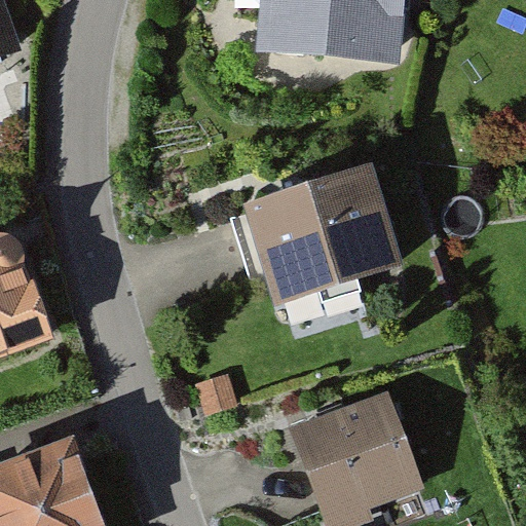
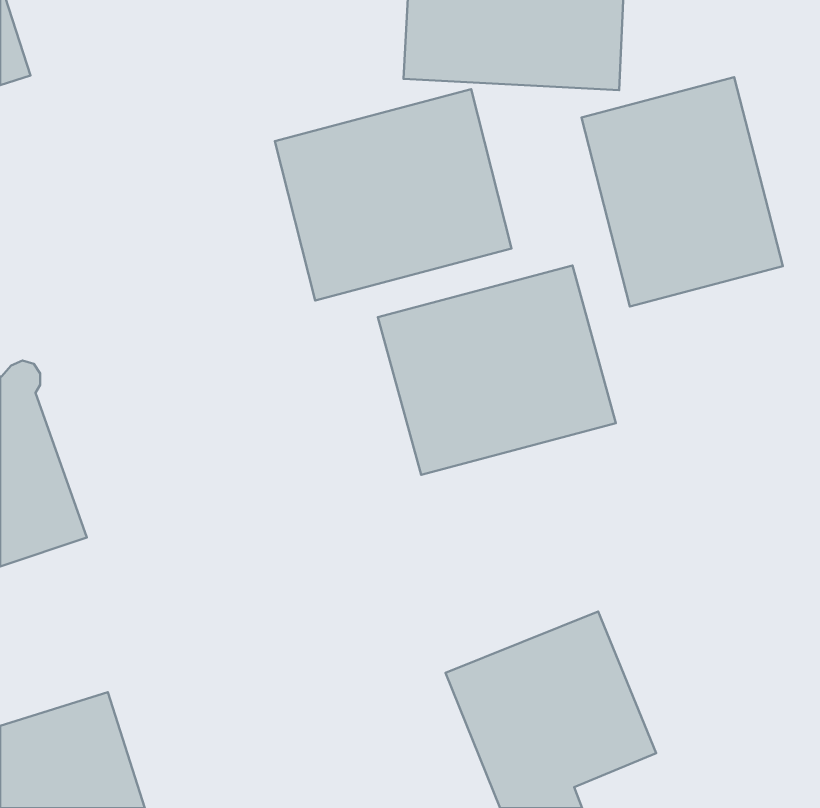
building: none -> [581,77,783,306]
building: none -> [275,89,511,301]

